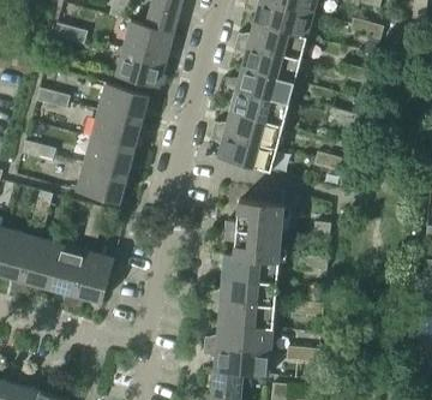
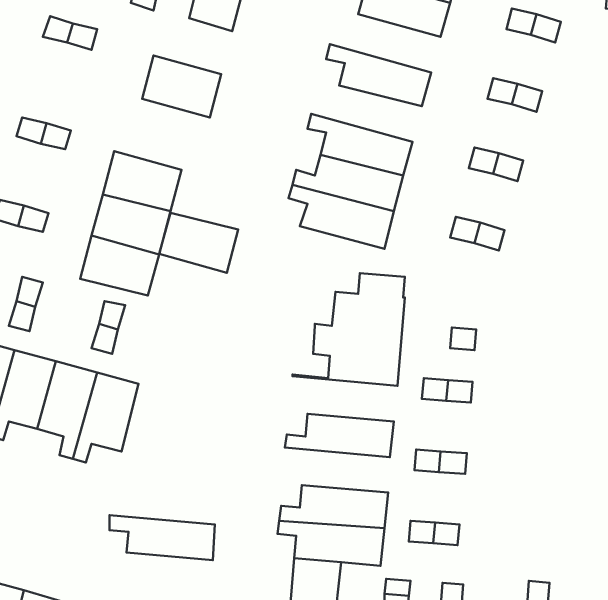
building: [122,22,173,61] -> none
building: [235,23,306,60] -> none
building: [223,68,294,105] -> none
building: [97,84,148,123] -> [159,213,238,273]
building: [210,255,278,283] -> none
building: [206,300,274,329] -> [110,515,215,560]

